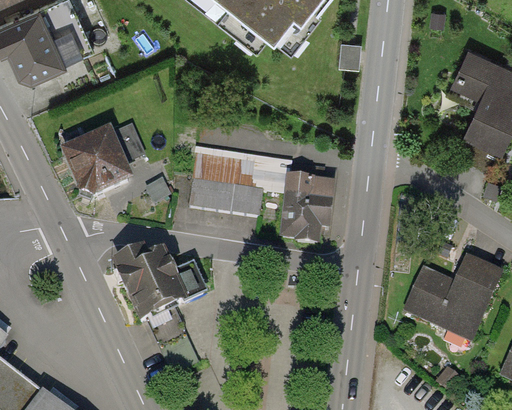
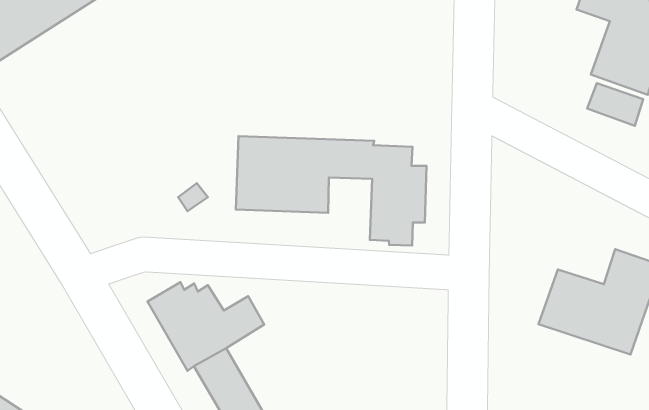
building: [68,128,144,201] -> none

